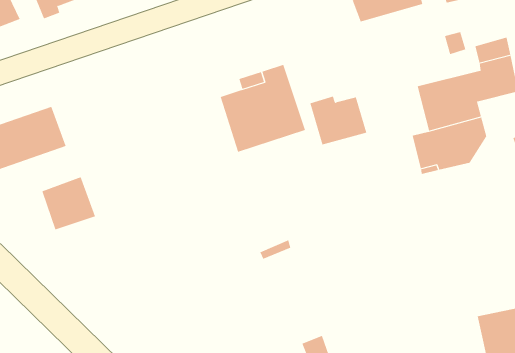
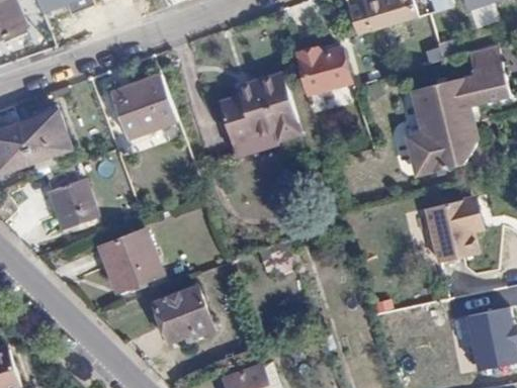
building: none -> [110,73,176,140]
building: [309,96,367,145] -> [294,46,350,94]
building: none -> [424,203,482,266]
building: none -> [98,230,162,291]
building: none -> [152,286,212,343]

